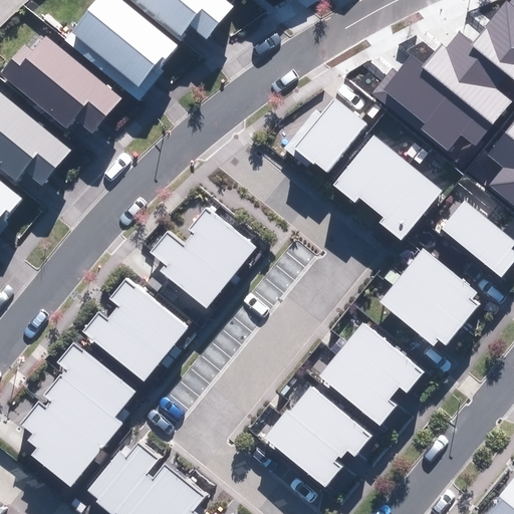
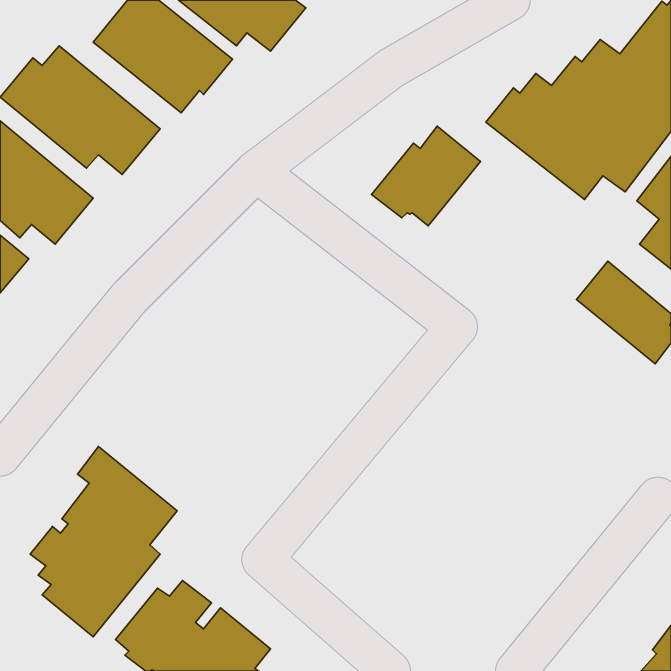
building: [332,135,443,241] -> none
building: [152,208,256,307] -> none
building: [378,248,480,346] -> none
building: [81,276,187,379] -> none
building: [318,322,424,426] -> none
building: [264,386,371,488] -> none

